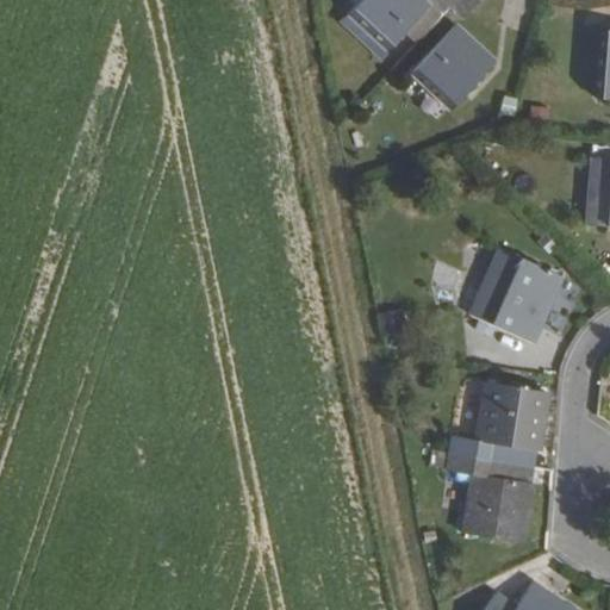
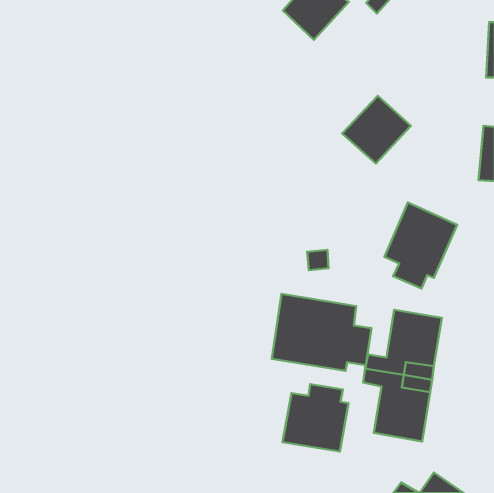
building: [410,24,494,107] -> [342,96,411,164]
building: none -> [272,294,371,371]
building: none -> [282,384,348,452]

